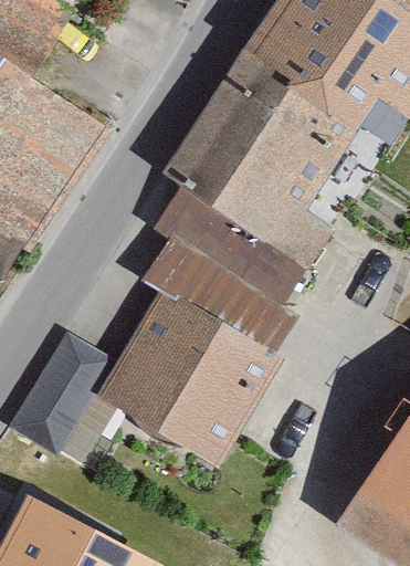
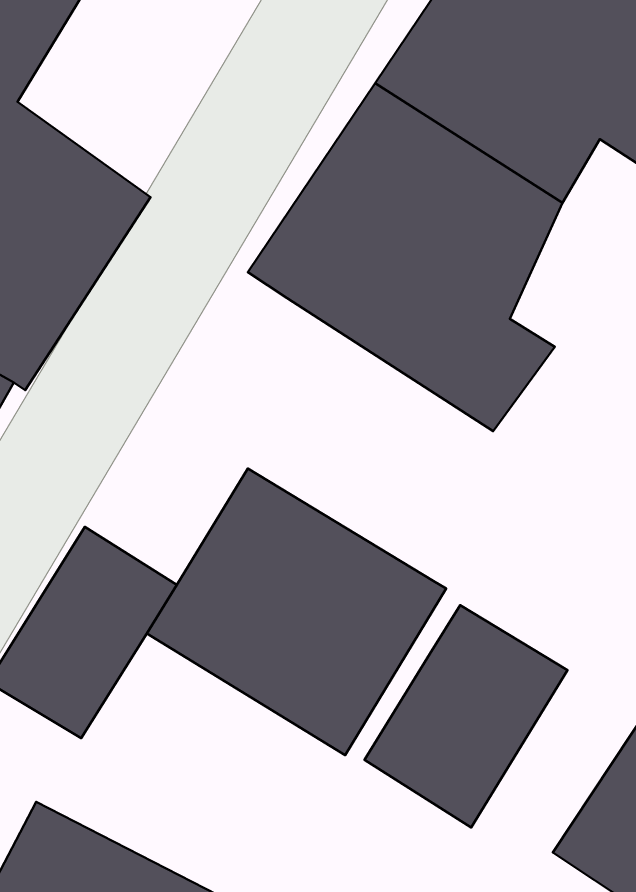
building: [143,196,303,363] -> none
building: none -> [365,605,568,828]

